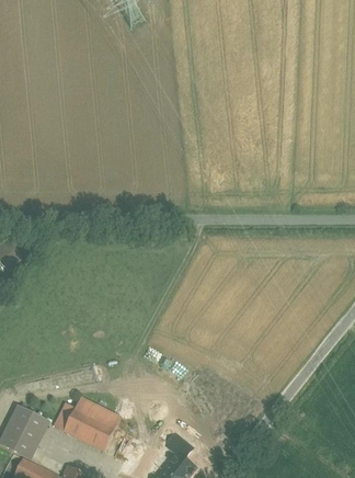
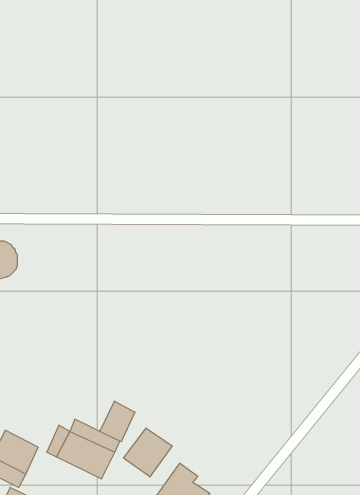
building: none -> [100,401,135,442]
building: none -> [124,428,172,477]

